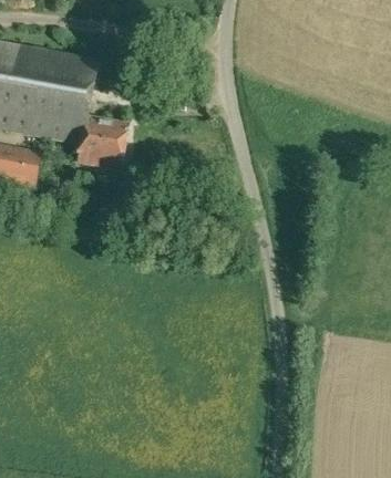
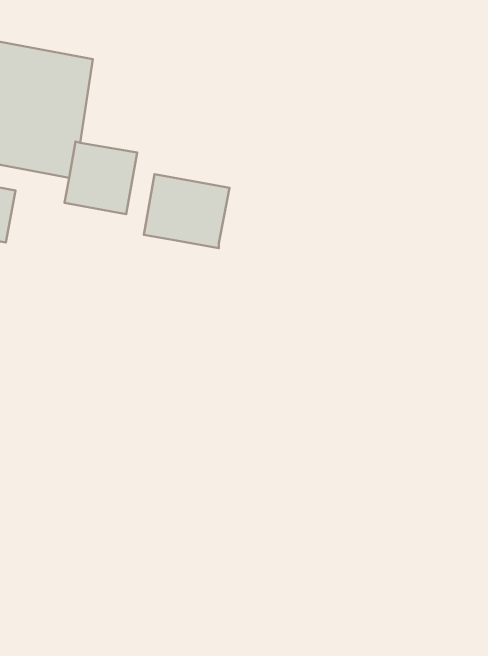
building: none -> [144,174,230,248]

